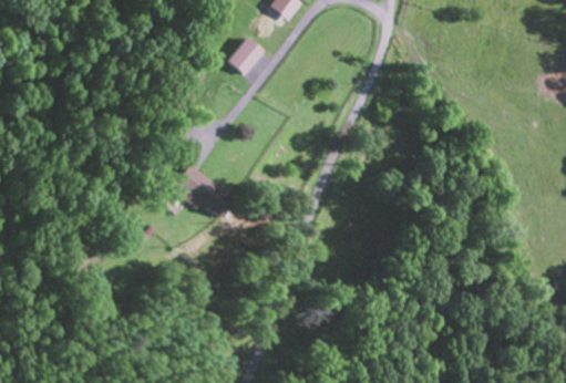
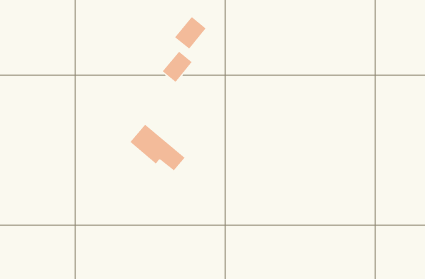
building: none -> [162,51,193,83]

